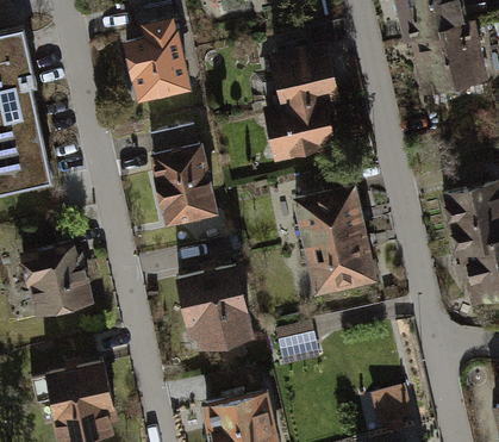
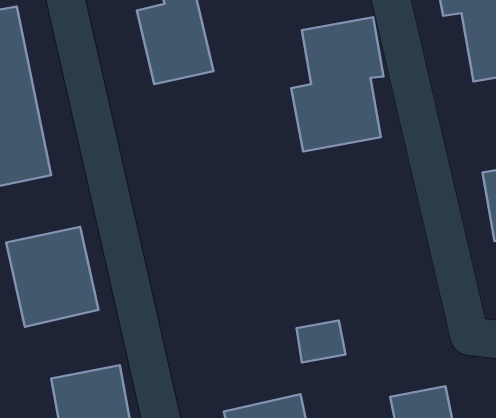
building: [149,139,224,230] -> none
building: [287,188,363,292] -> none
building: [175,262,262,359] -> none

